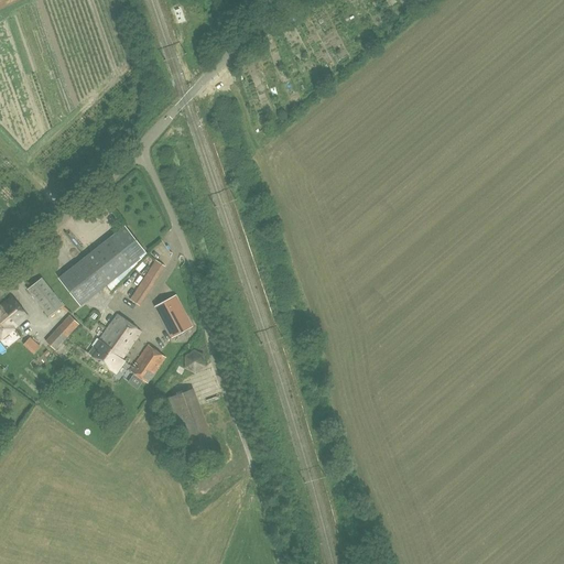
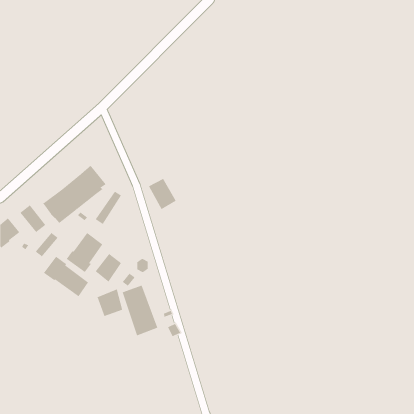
building: [154,294,193,337] -> [148,178,177,210]
building: none -> [43,256,89,297]
building: none -> [97,289,123,317]

